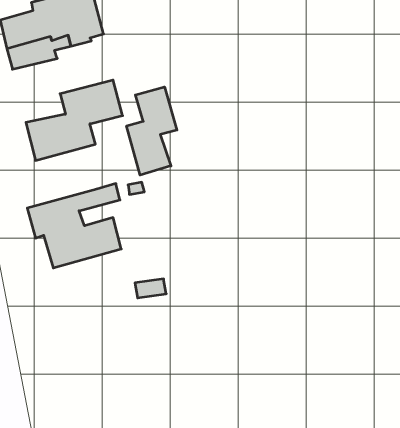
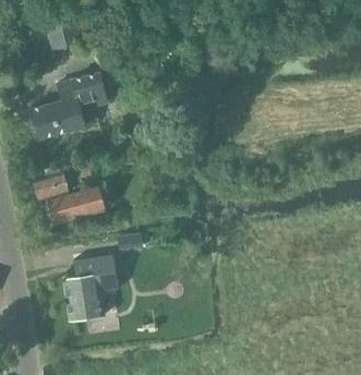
building: [127,87,177,175] -> none
building: none -> [62,253,117,319]

